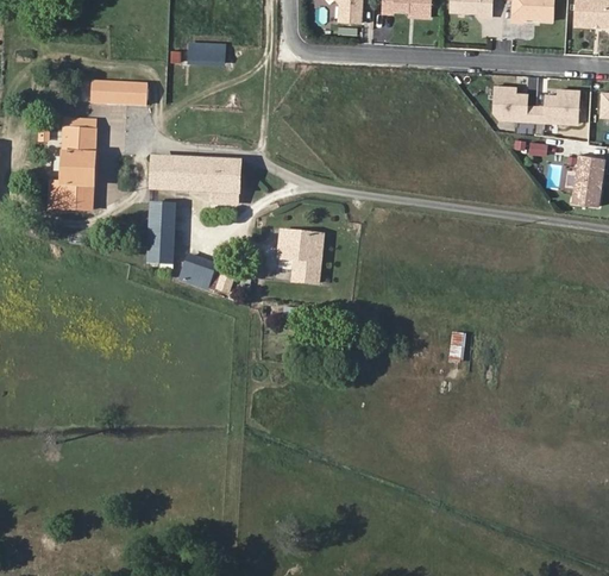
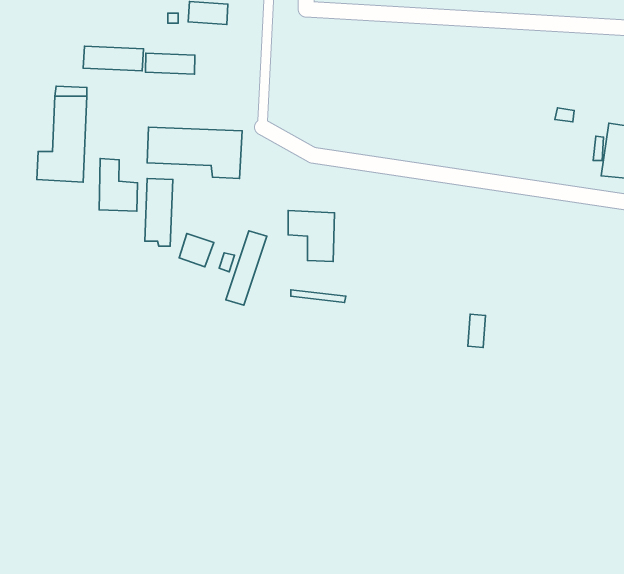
building: [494,86,579,124] -> none
building: none -> [145,53,195,74]
building: none -> [99,158,137,211]
building: none -> [226,231,267,305]

